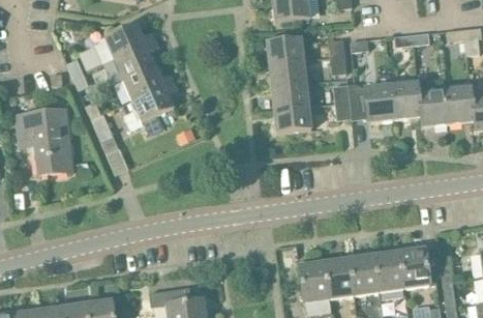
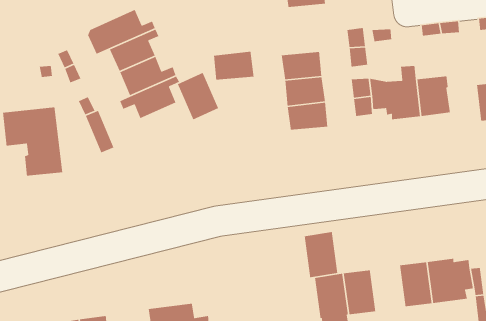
building: [267,36,304,63] -> [213,51,255,81]
building: none -> [177,72,219,121]
building: [419,79,449,126] -> none
building: [350,253,381,295] -> [304,231,338,278]

